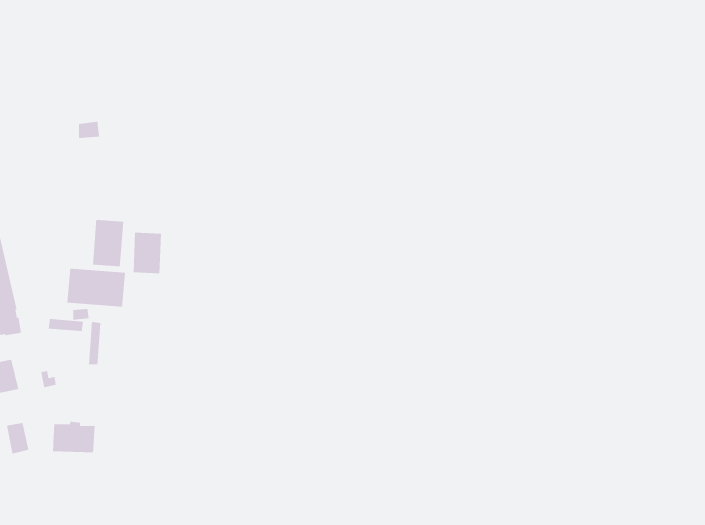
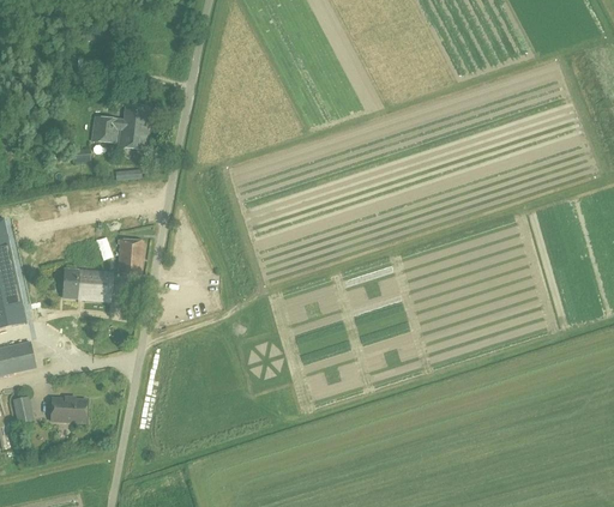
building: none -> [92,103,146,149]
building: [92,219,124,267] -> none

